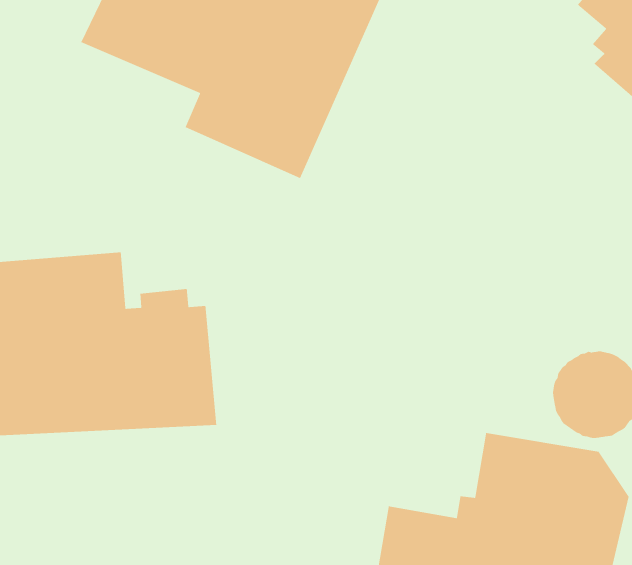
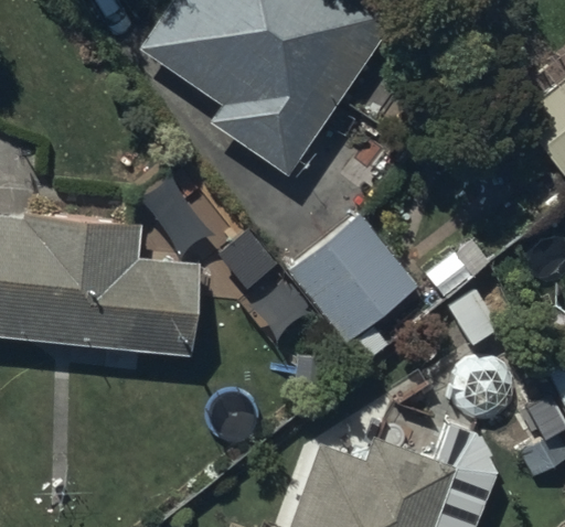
building: none -> [287,211,426,346]

